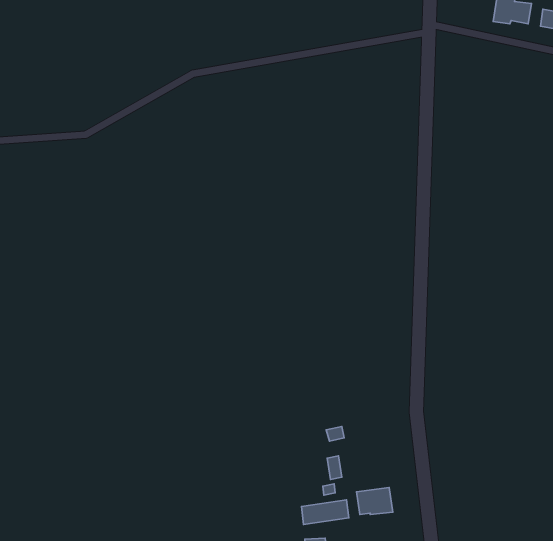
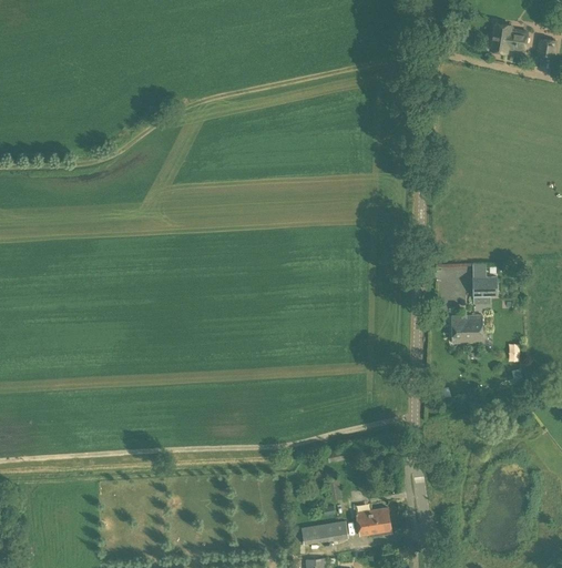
building: none -> [471,276,497,296]
building: none -> [451,315,482,343]

